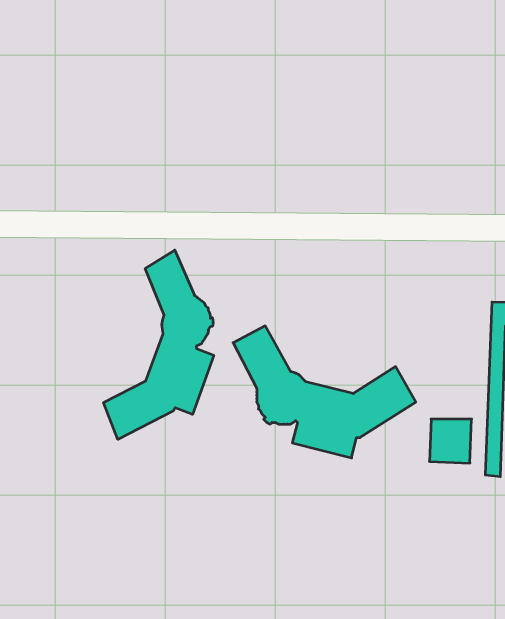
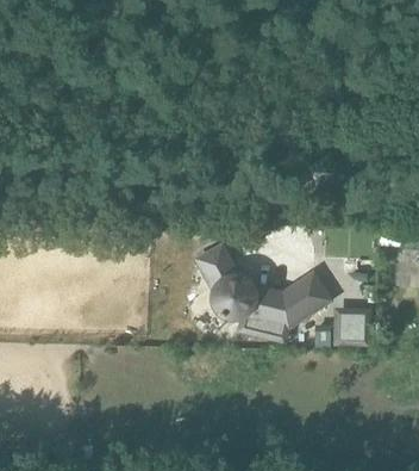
building: [104,250,214,439] -> none

